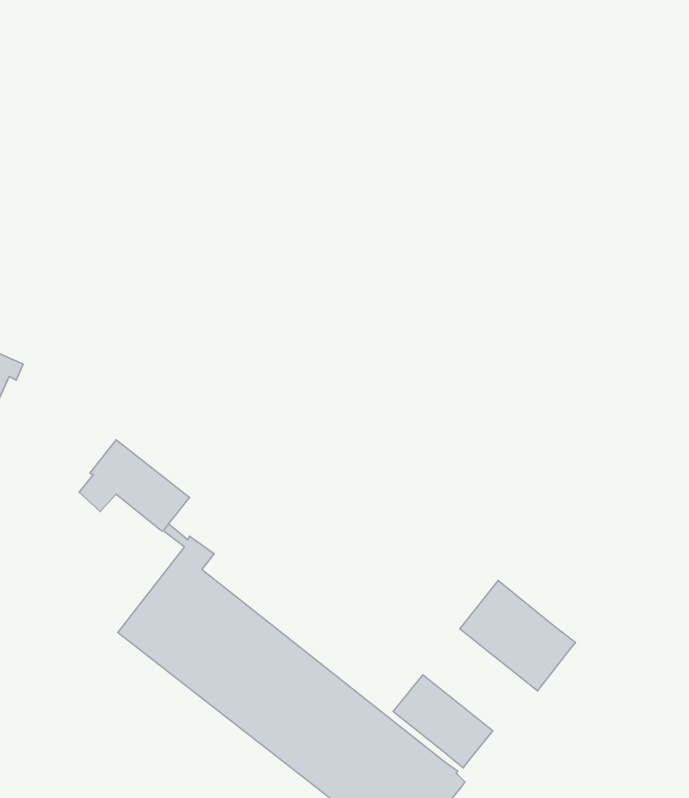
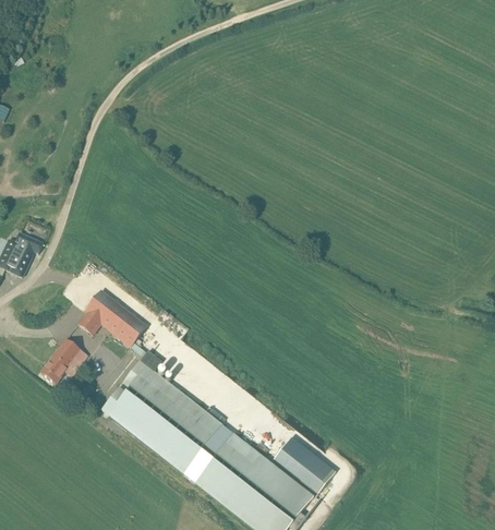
building: none -> [41,339,87,383]
building: [460,581,576,691] -> none

